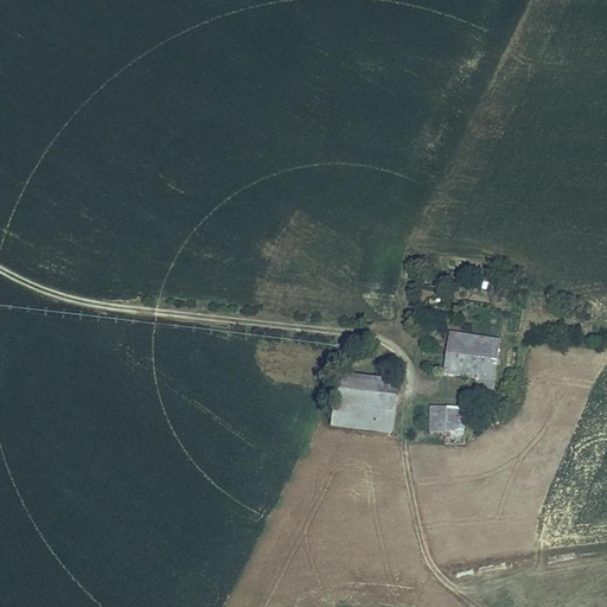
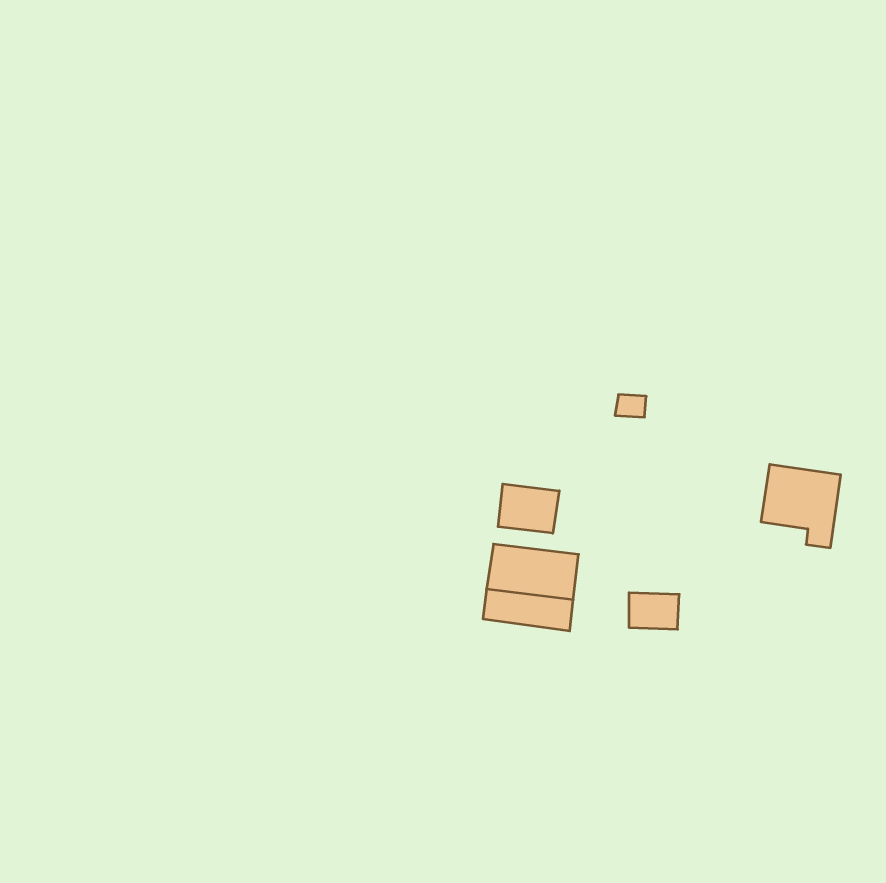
building: none -> [498,484,559,533]
building: [443,331,498,388] -> [761,464,841,548]

